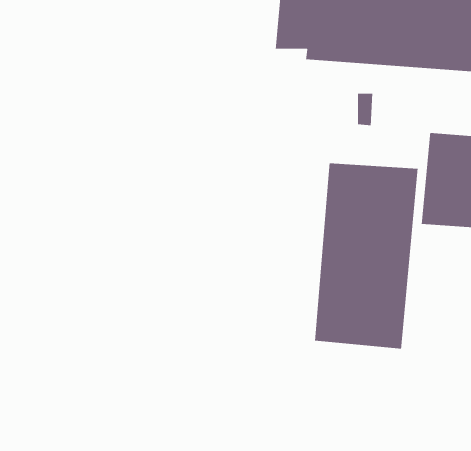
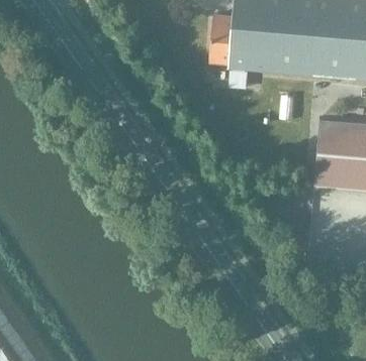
building: [314,162,419,350] -> none

